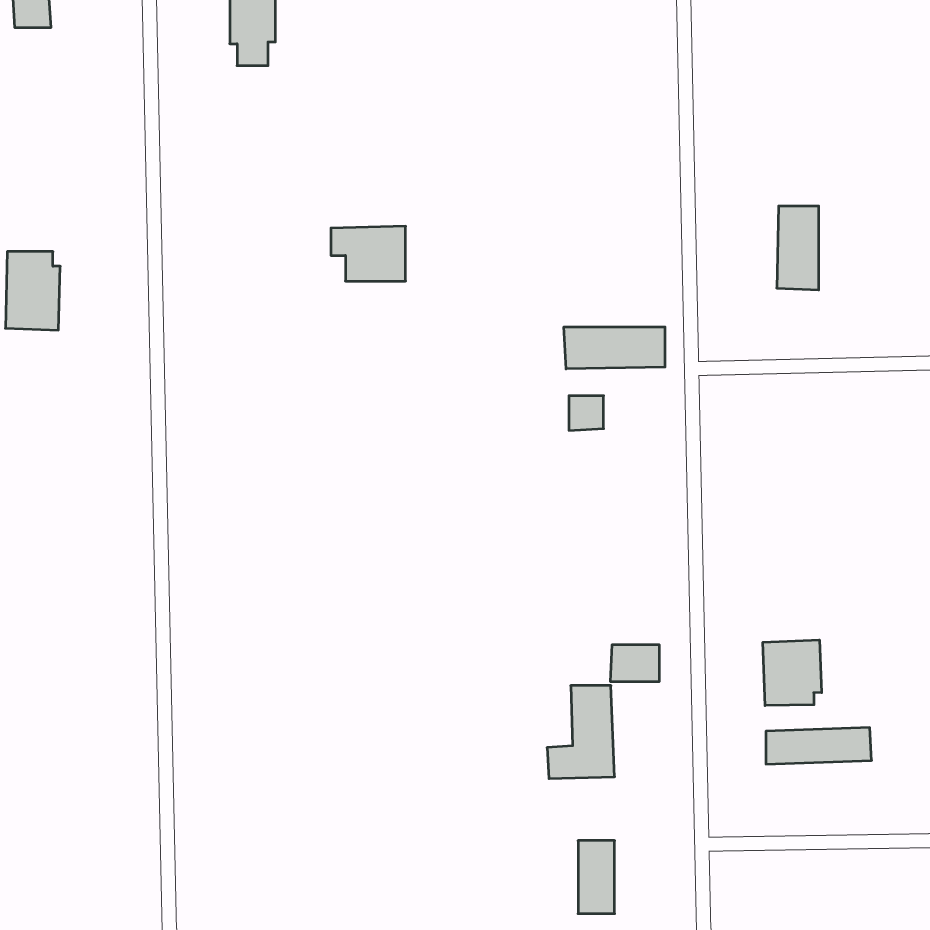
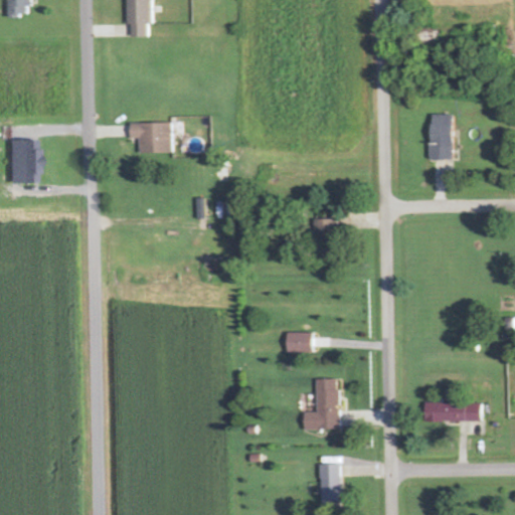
building: [331,226,406,281] -> [130,122,171,152]
building: [564,327,665,369] -> none
building: [763,640,822,706] -> none
building: [610,645,659,681] -> [285,332,312,352]

